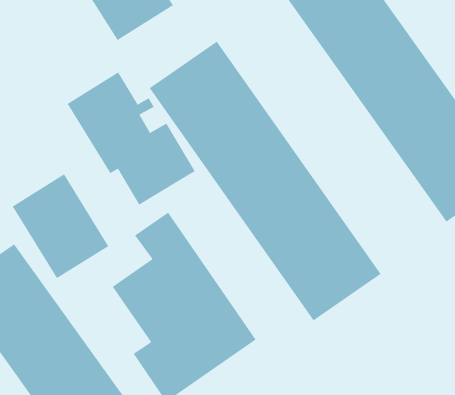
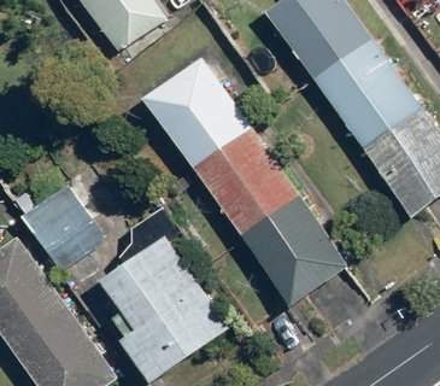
building: [67,71,195,205] -> none

